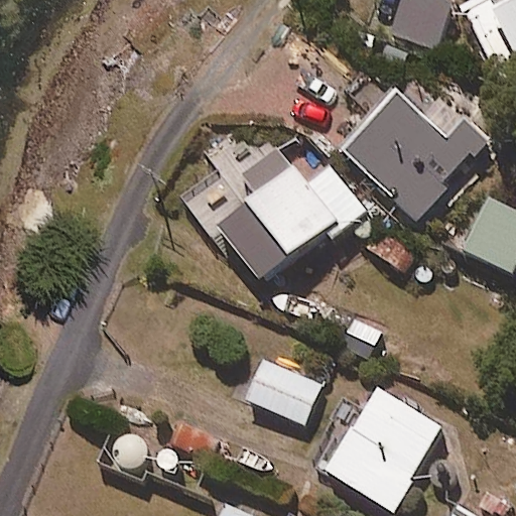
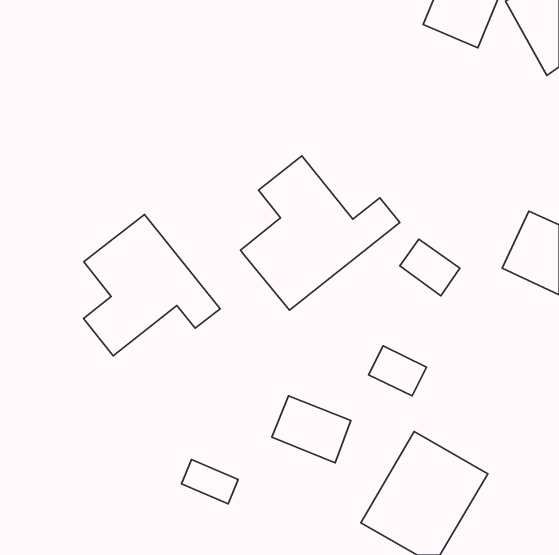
building: [346,95,491,221] -> none
building: none -> [83,214,220,356]

